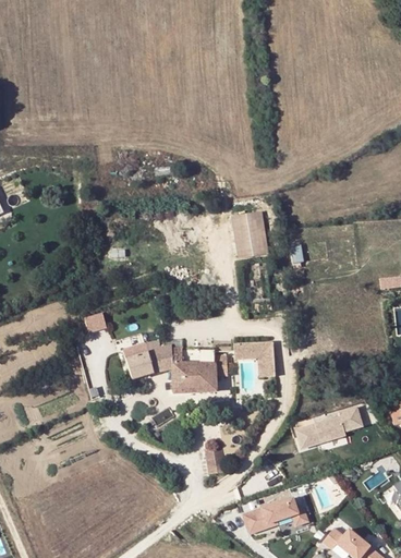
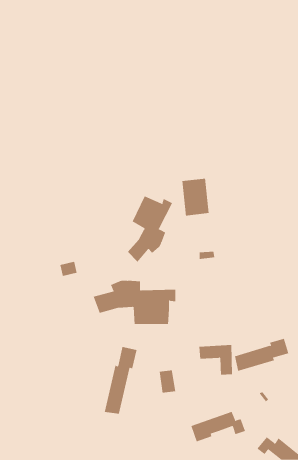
building: none -> [127,195,173,263]
building: [232,341,274,378] -> [199,345,233,375]
building: none -> [104,346,137,415]

